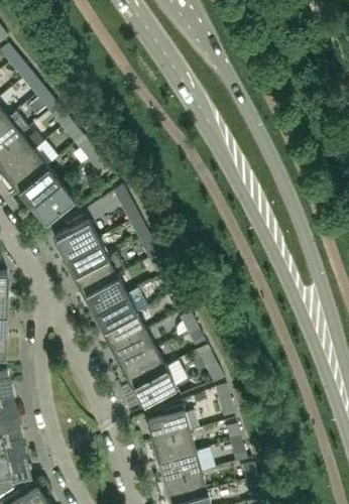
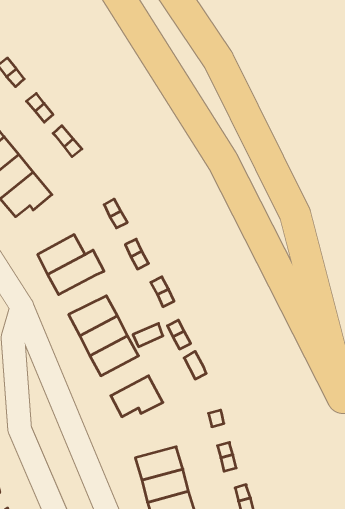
building: [53,215,97,256] -> none
building: [83,274,126,310] -> none
building: [121,348,164,384] -> none
building: [147,405,190,440] -> none

